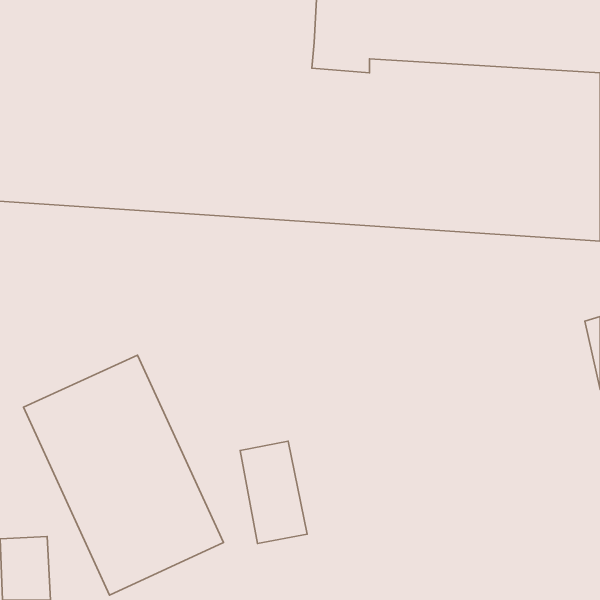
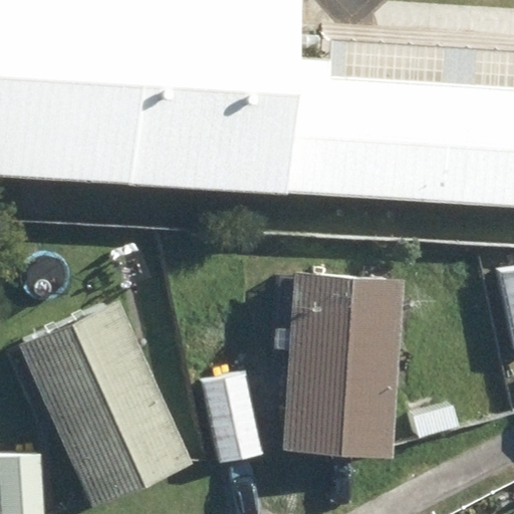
building: none -> [285,278,404,461]

